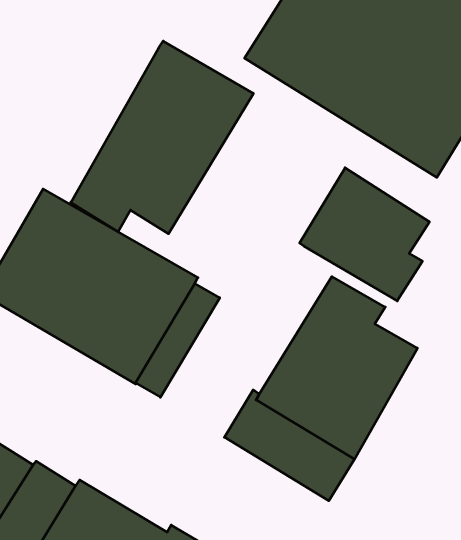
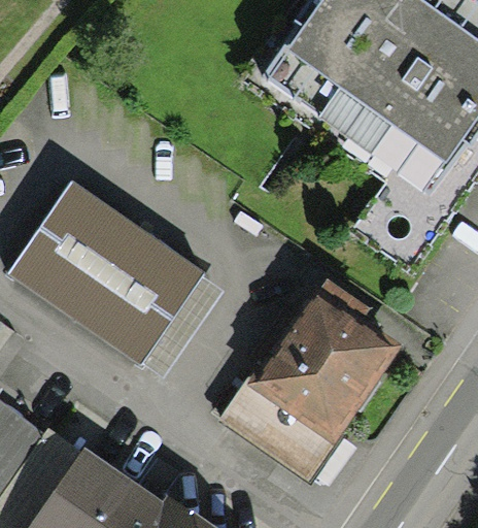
building: [71,41,253,234] -> none
building: [300,168,429,301] -> none

